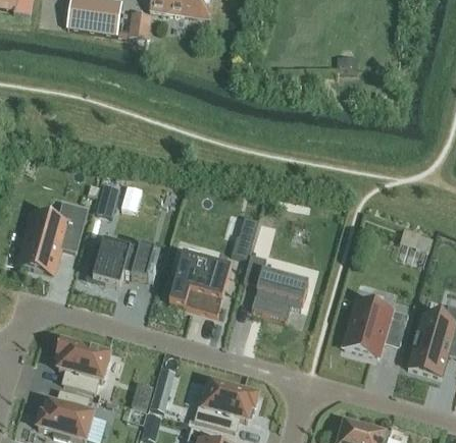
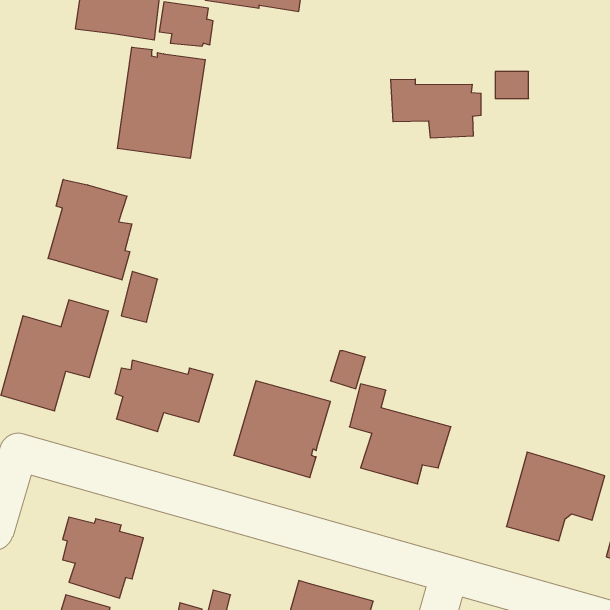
building: none -> [117,47,205,158]
building: none -> [391,79,481,138]
building: none -> [48,179,132,280]

